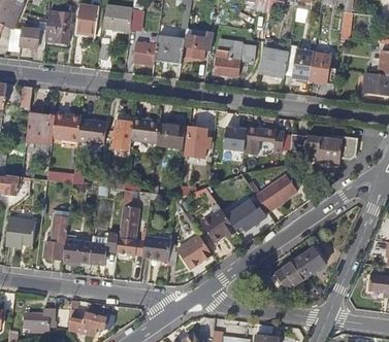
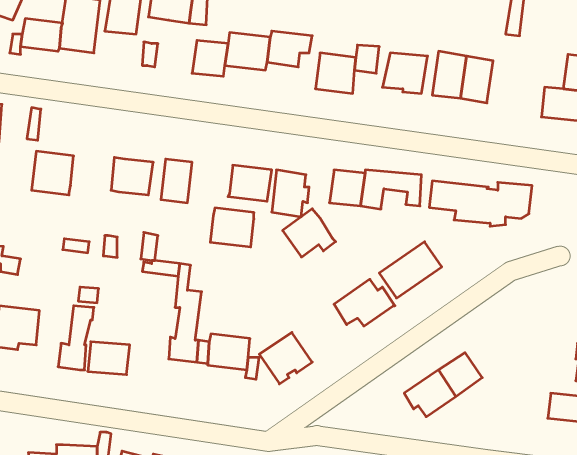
building: [52,112,80,140] -> none
building: [130,116,159,142] -> [210,208,254,247]
building: [201,209,236,241] -> [283,209,336,257]
building: [89,232,118,264] -> none

